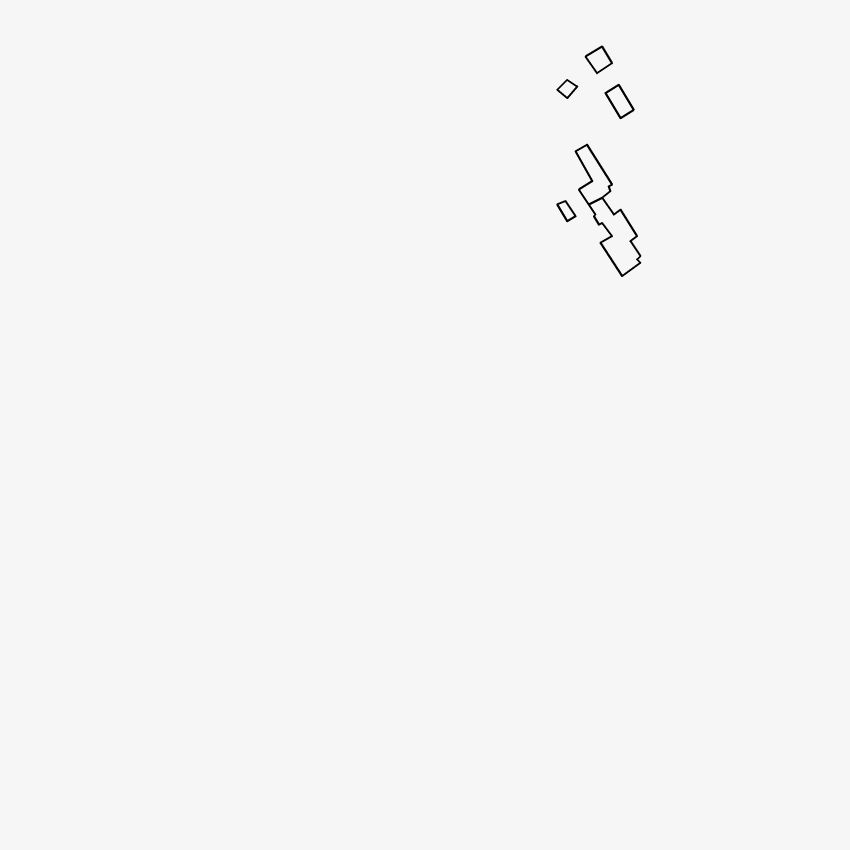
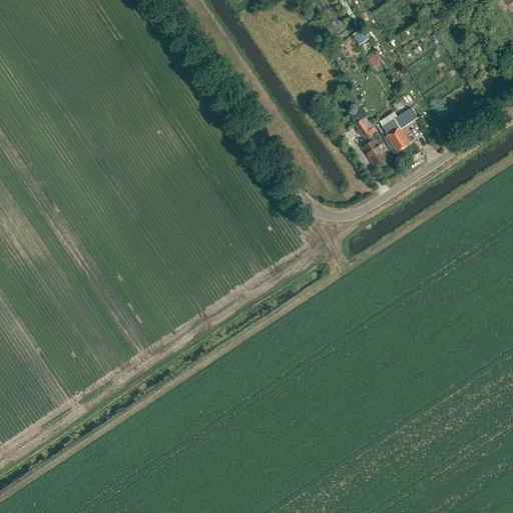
building: none -> [383,112,411,151]

